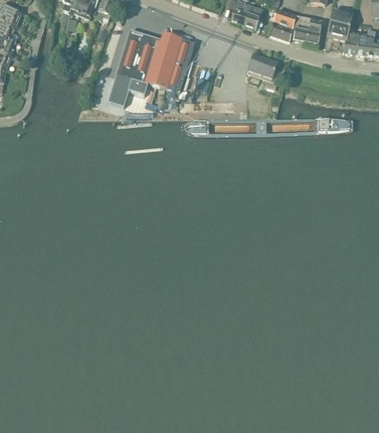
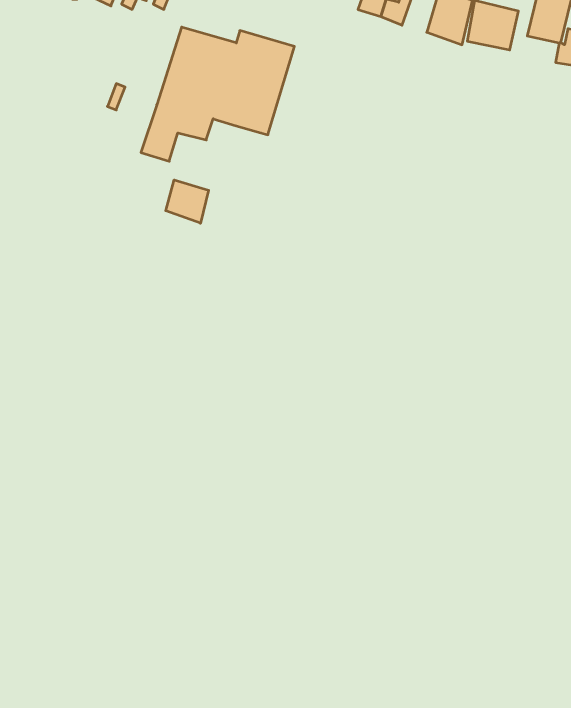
building: [247,52,276,77] -> none
building: none -> [166,180,209,223]

